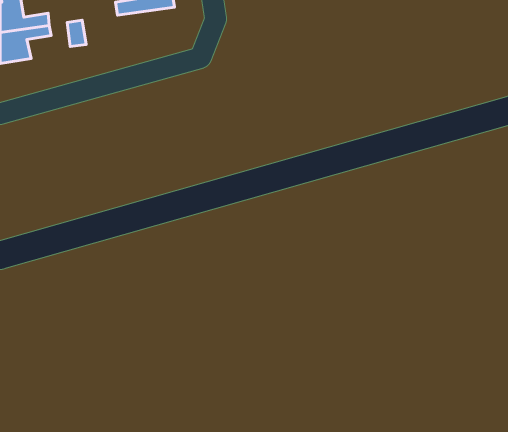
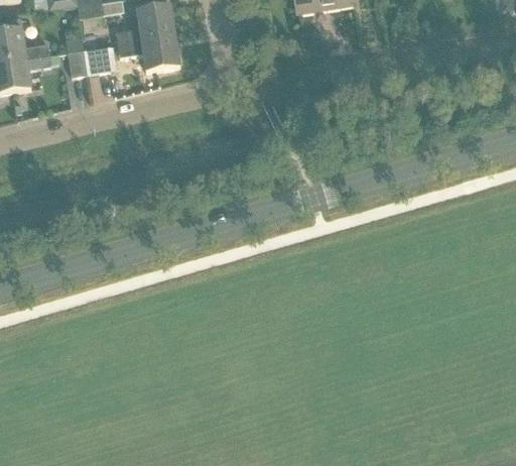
building: none -> [118,36,180,72]
building: none -> [83,45,111,74]

